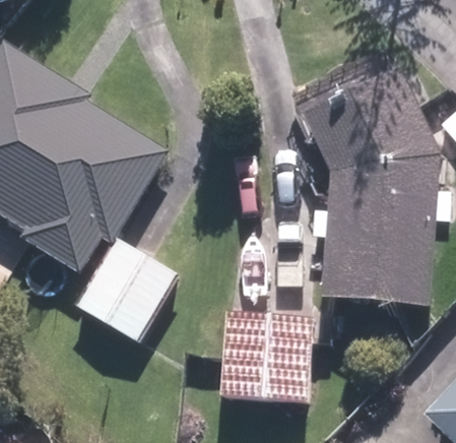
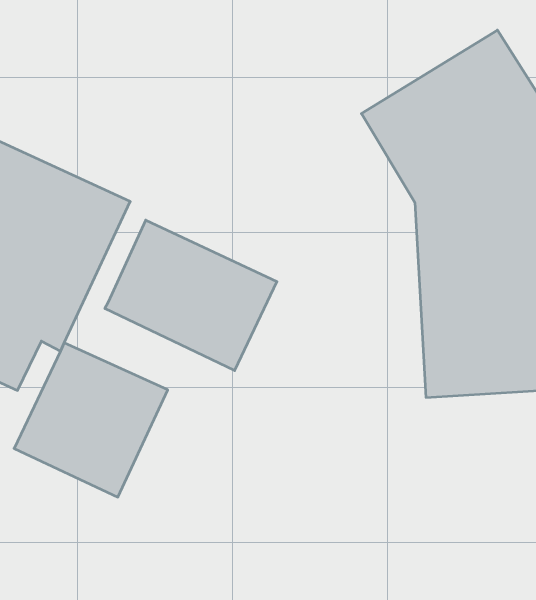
building: none -> [105,220,277,371]
building: [224,309,315,401] -> none

